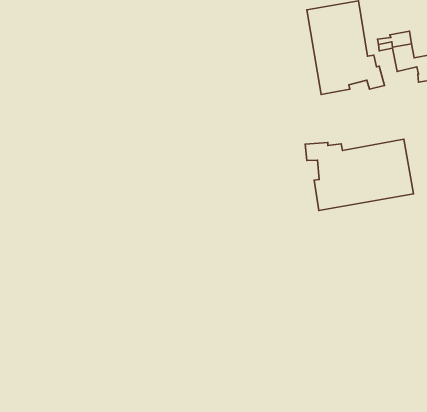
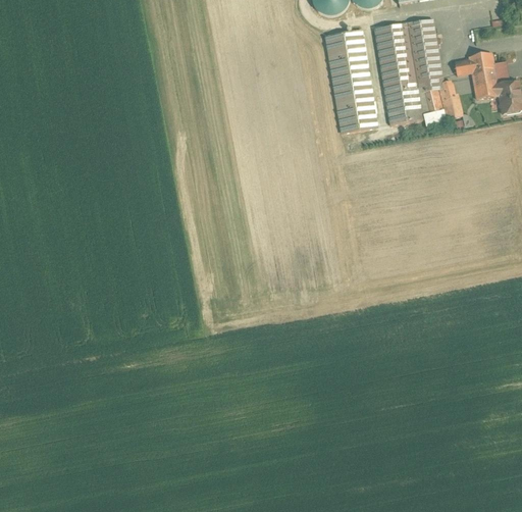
building: none -> [325,30,375,132]
building: [305,139,413,211] -> none

